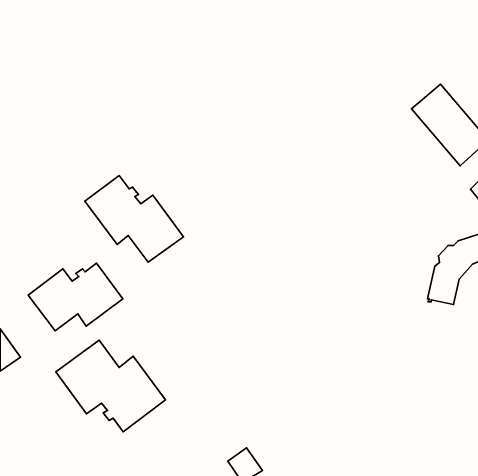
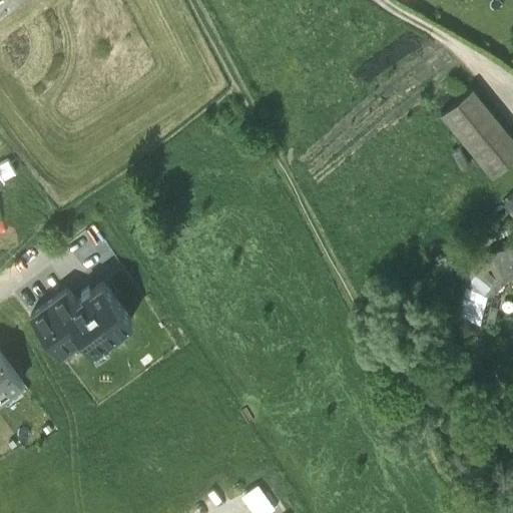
building: [85,175,183,262] -> none
building: [56,340,166,432] -> none

